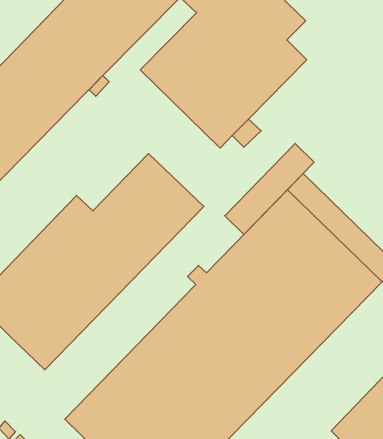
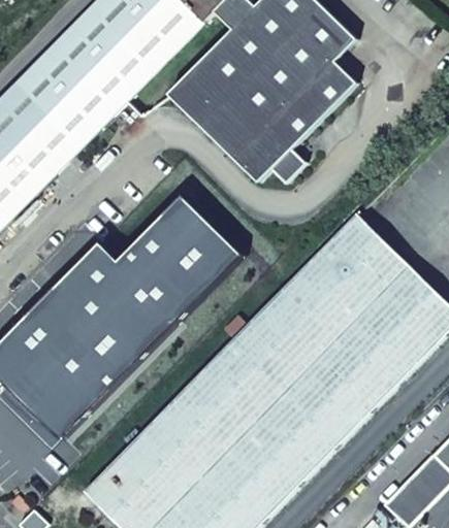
building: [225,143,314,235] -> none

